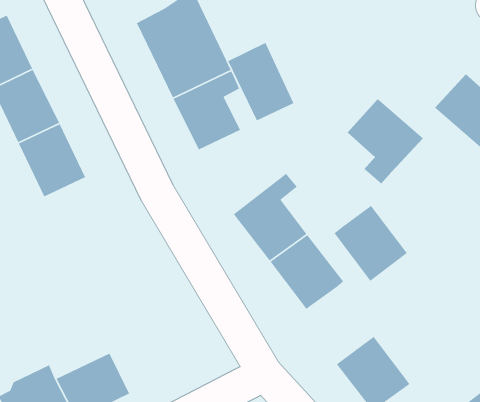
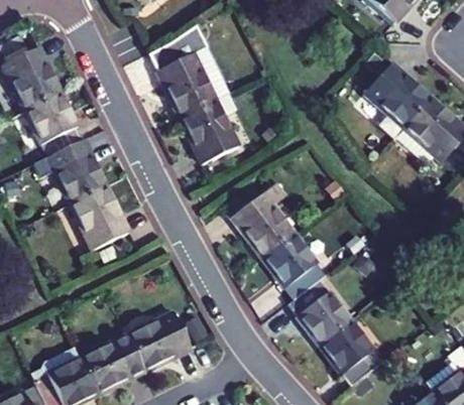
building: [227,42,294,121] -> none
building: [347,98,424,184] -> [365,62,431,136]
building: none -> [71,185,129,249]
building: [333,205,408,282] -> [288,279,352,345]
building: none -> [127,311,192,370]

